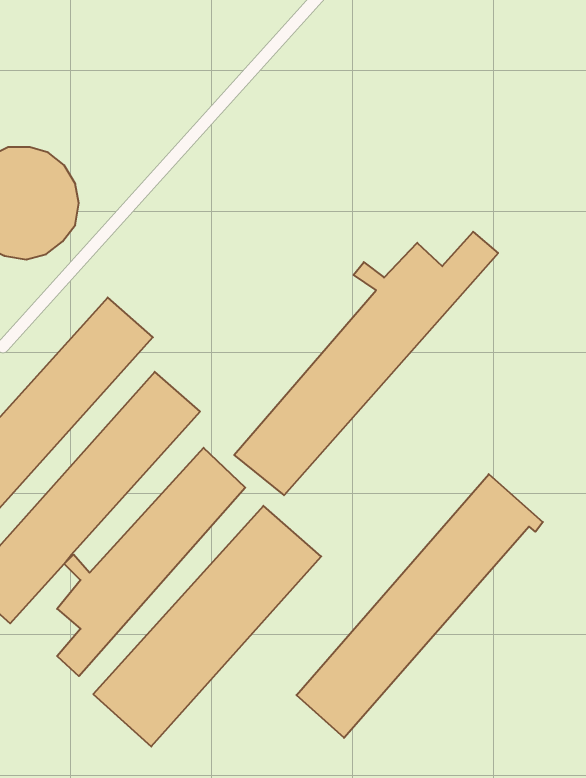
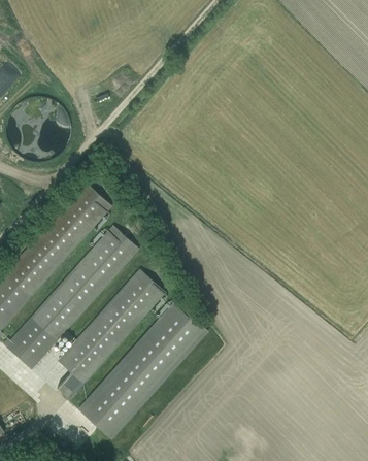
building: [234,232,498,495] -> none
building: [296,474,543,738] -> none

